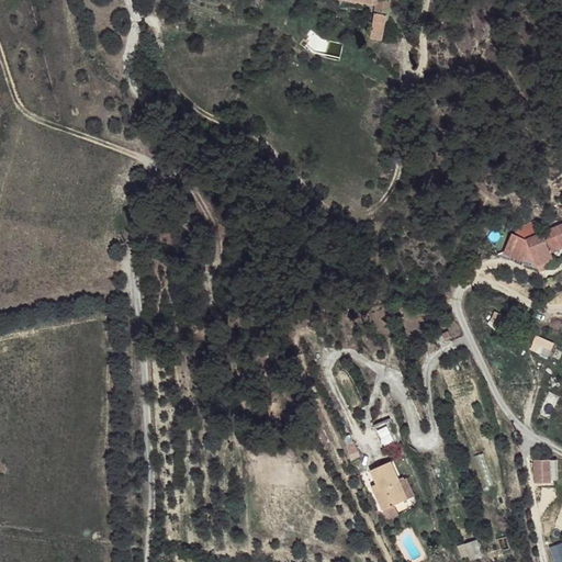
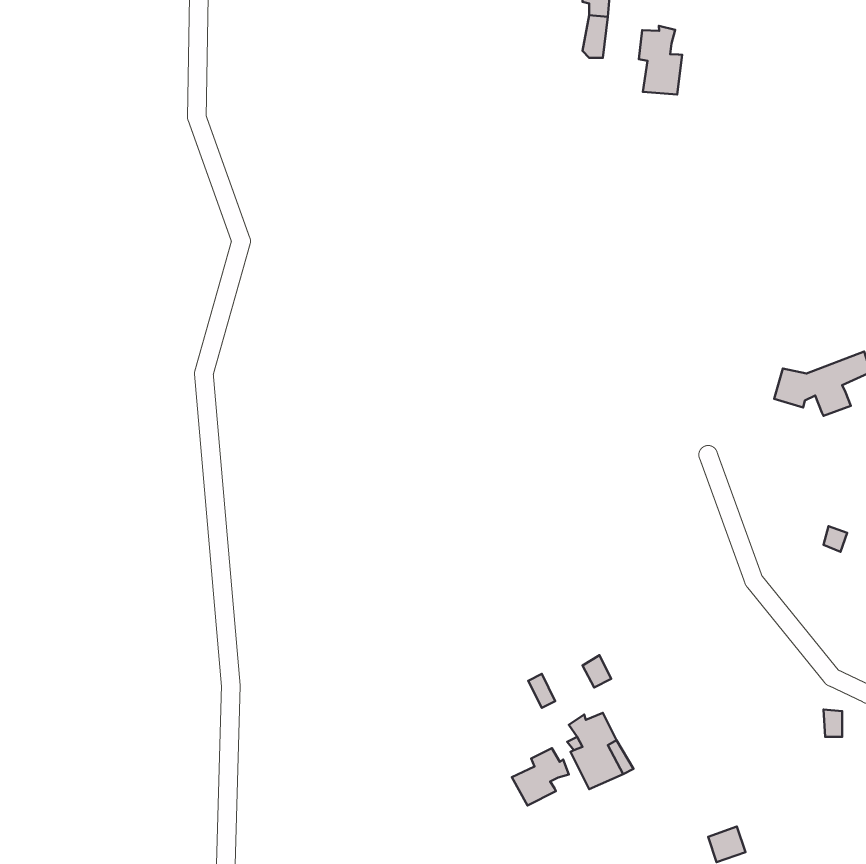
building: none -> [639,26,682,95]
building: none -> [512,748,569,806]

